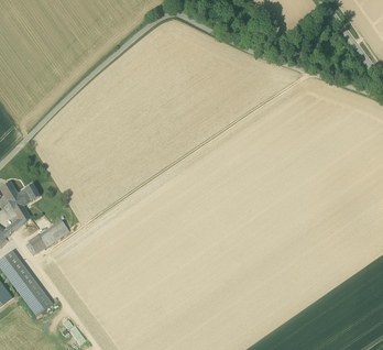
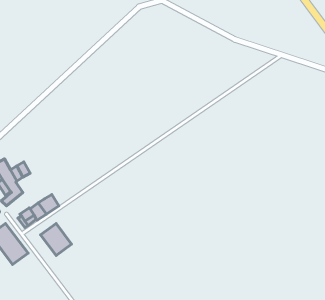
building: [20,282,53,316] -> [41,224,72,255]

